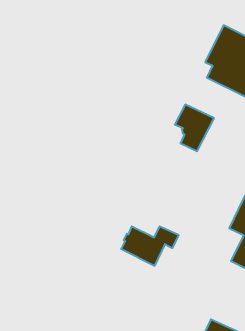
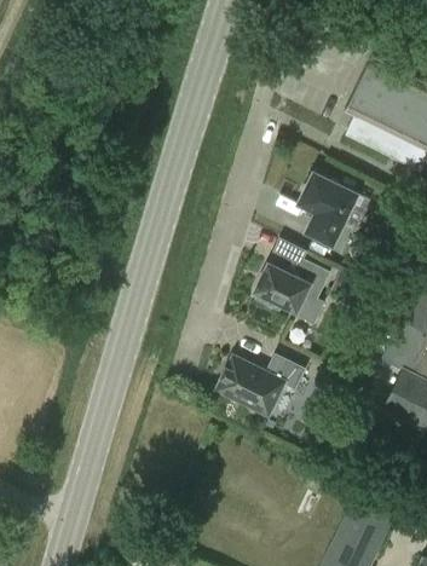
building: none -> [254,238,328,324]

